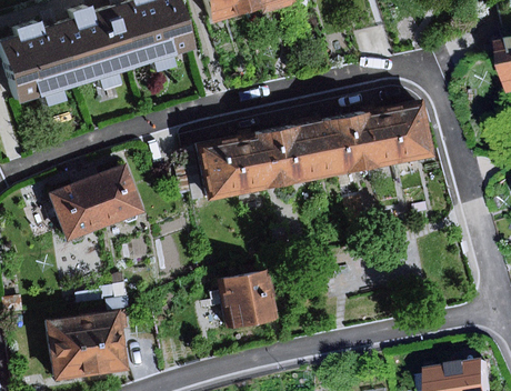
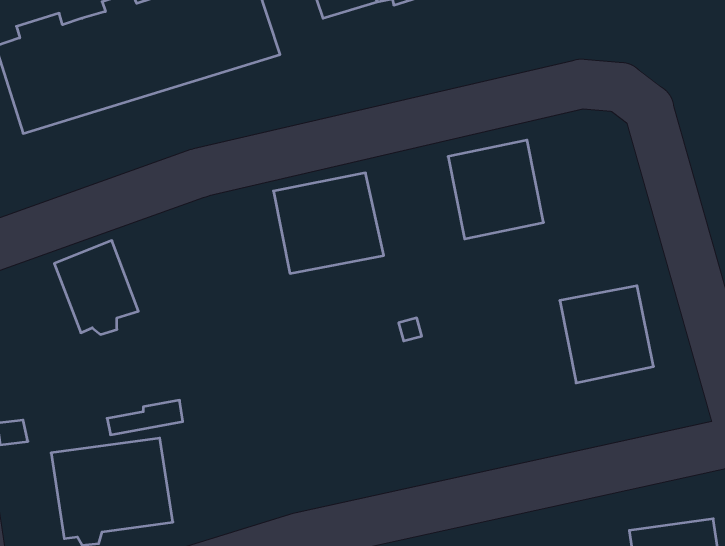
building: [360,98,423,163] -> [560,286,654,383]
building: [251,119,318,186] -> none
building: [80,161,136,223] -> none
building: [214,270,268,325] -> none

